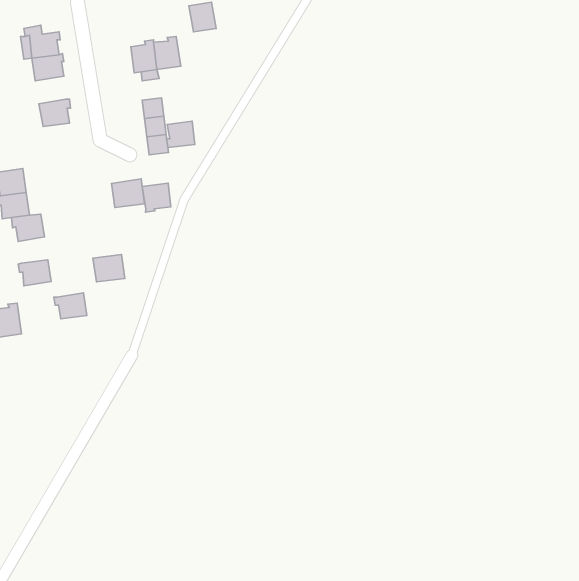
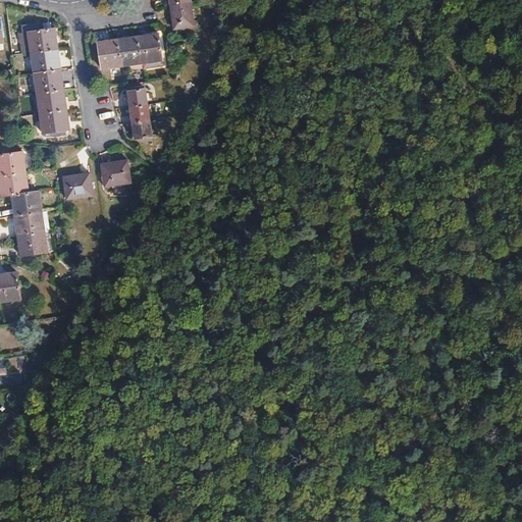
building: none -> [97,38,120,68]
building: none -> [32,68,60,93]
building: [167,121,195,148] -> none
building: none -> [39,109,66,134]
building: [142,183,171,212] -> none
building: [93,255,125,282] -> [62,173,91,198]
building: [54,293,87,319] -> [13,212,43,236]

